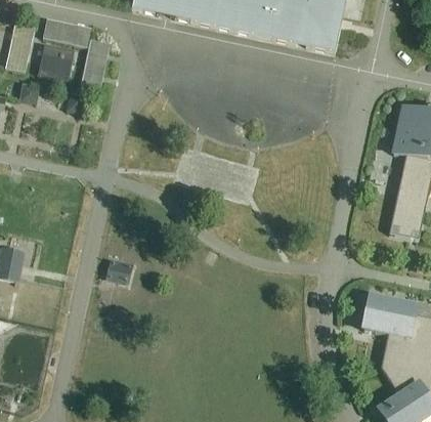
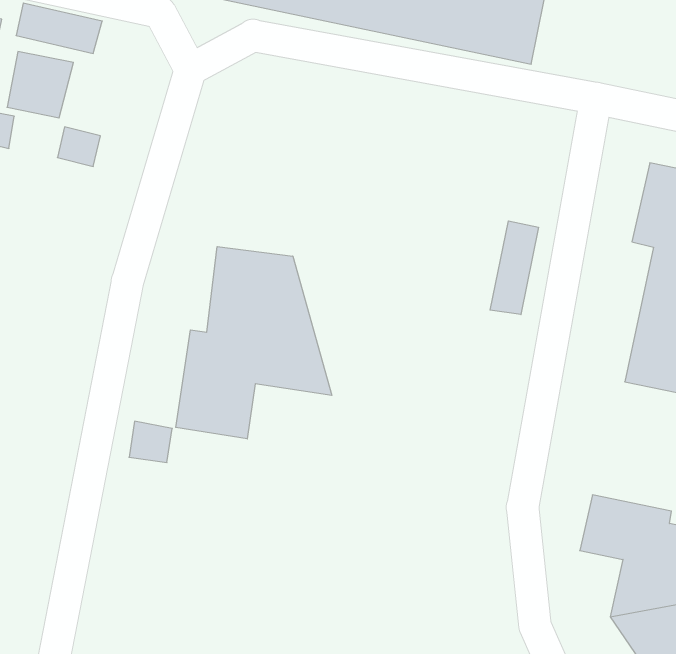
building: [81,39,109,87] -> none
building: none -> [490,221,538,315]
building: none -> [176,247,332,439]

